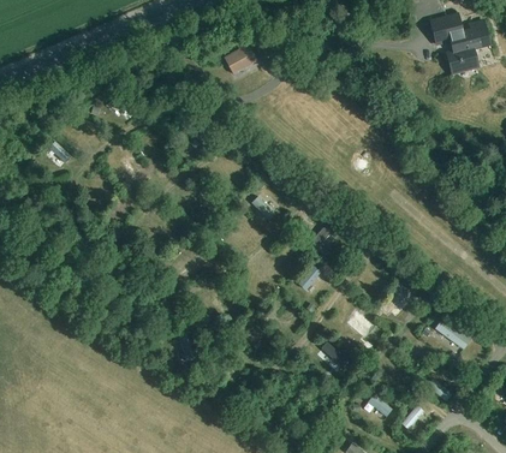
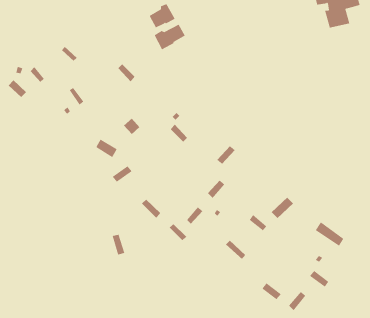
building: none -> [154,24,185,50]

